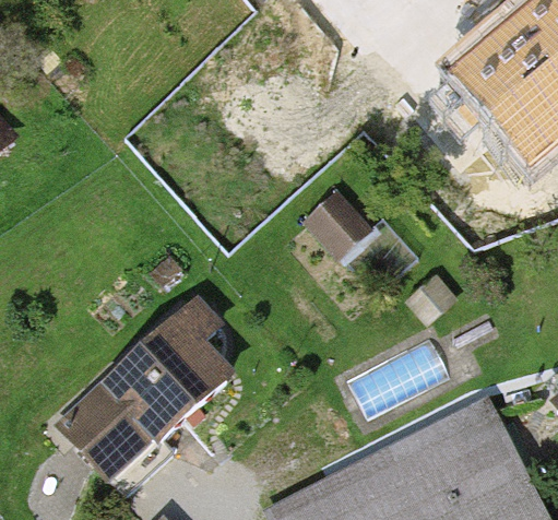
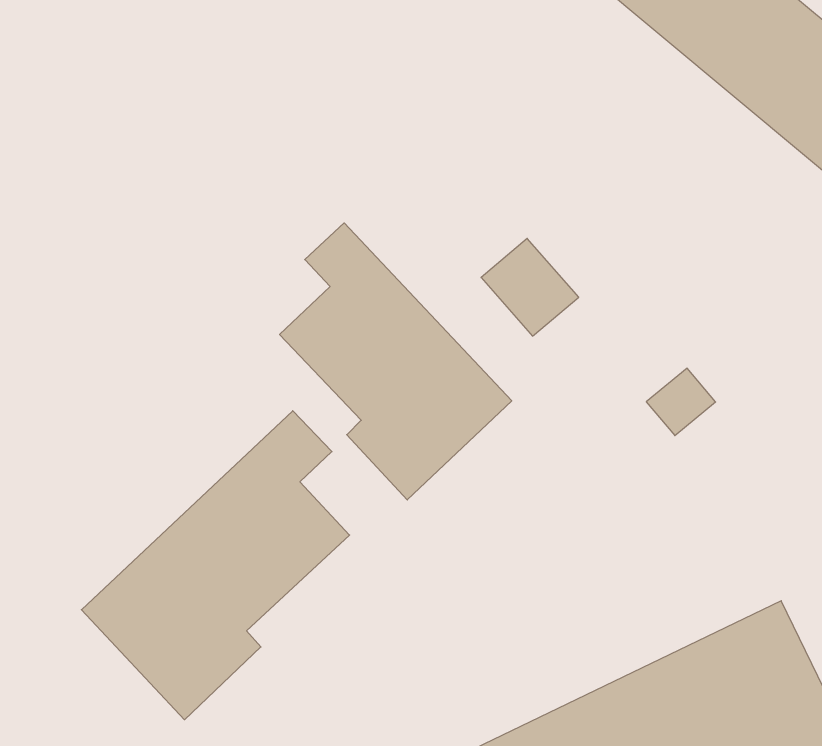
building: none -> [280,223,512,500]

